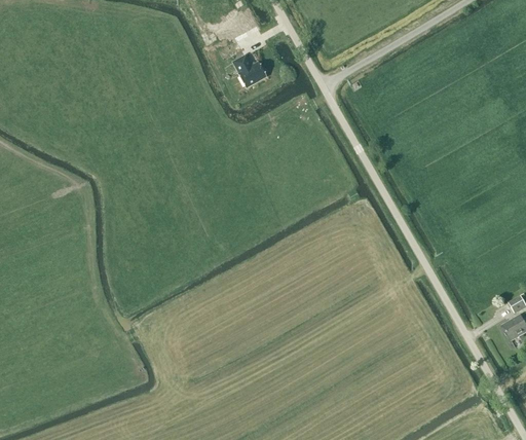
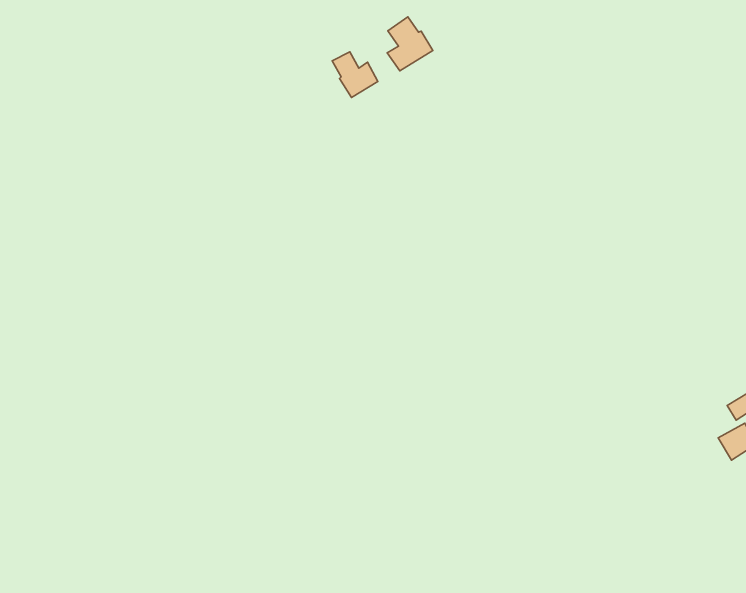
building: none -> [387,17,433,71]

